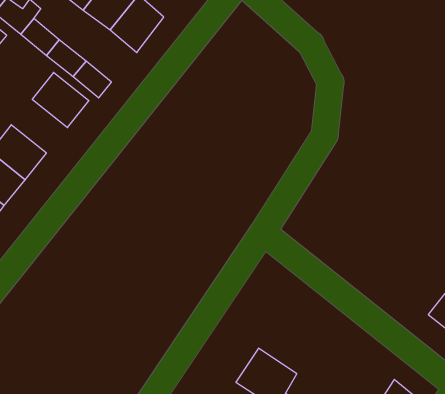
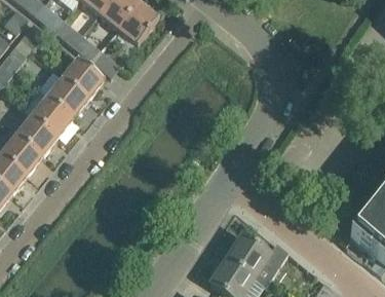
building: none -> [46,77,87,116]
building: none -> [226,233,287,285]

